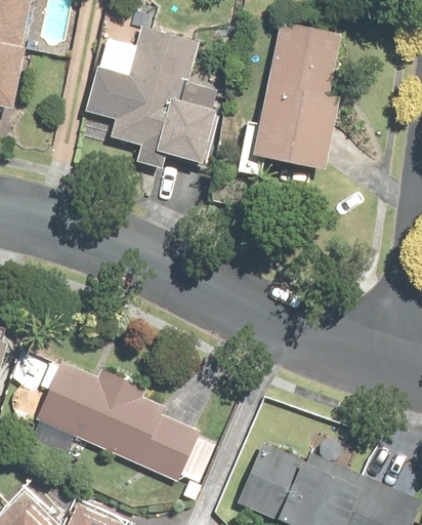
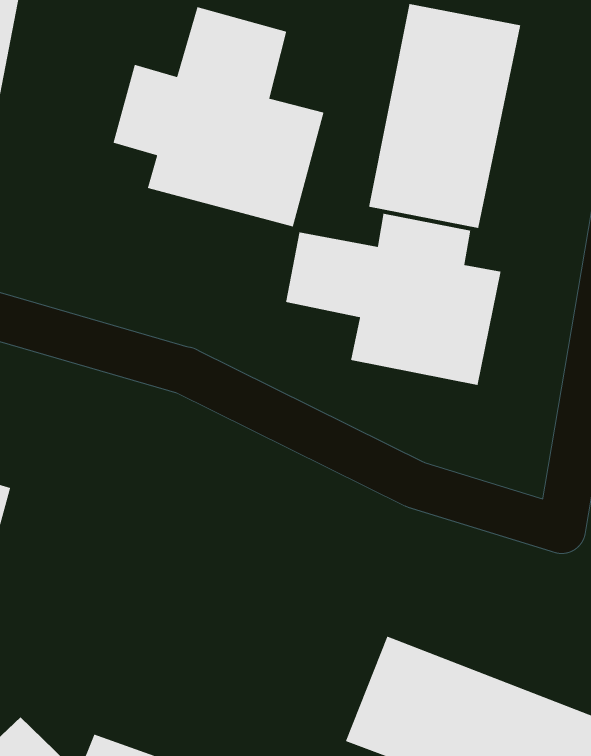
building: none -> [285,213,502,386]
building: [23,356,200,483] -> none

